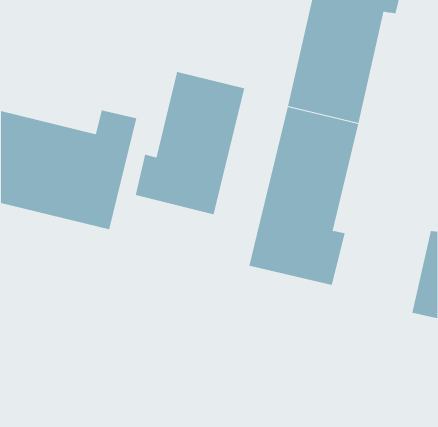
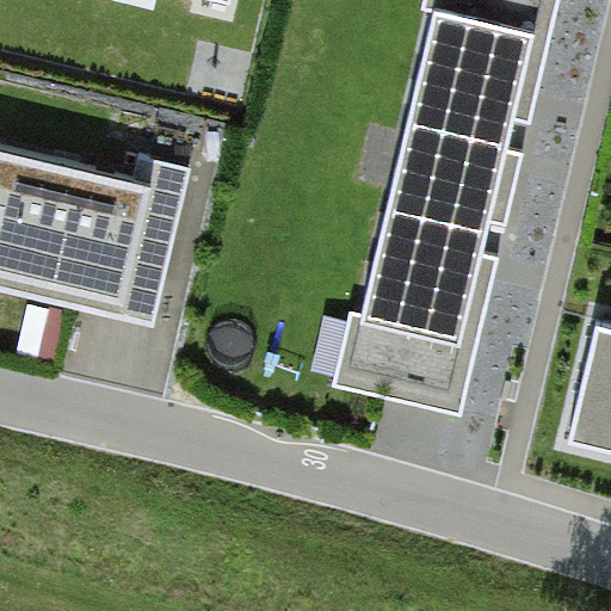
building: [135,71,245,215] -> none

